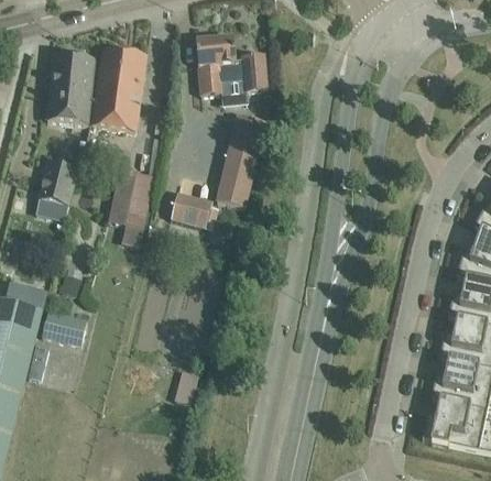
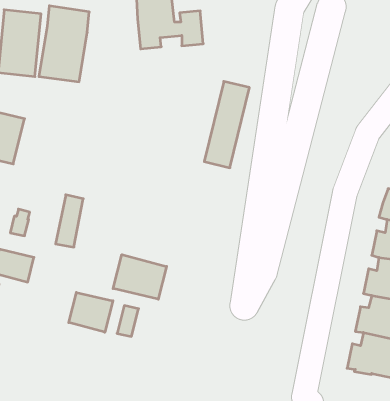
building: [216,114,264,207] -> [204,81,249,168]
building: [123,172,153,228] -> [56,195,83,247]
building: [170,192,219,230] -> none
building: none -> [113,255,167,299]
building: none -> [69,292,113,332]

